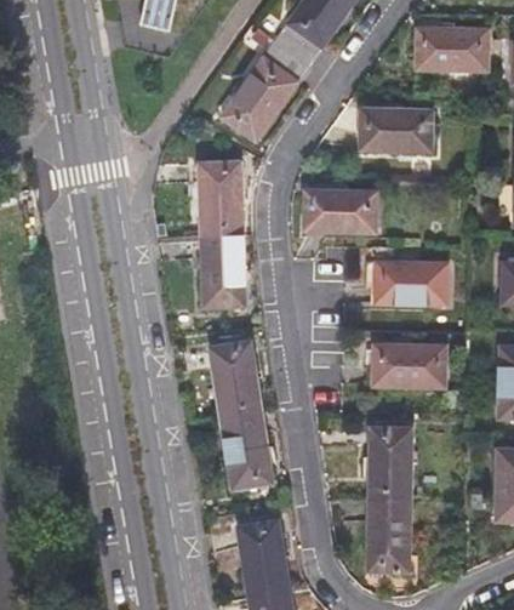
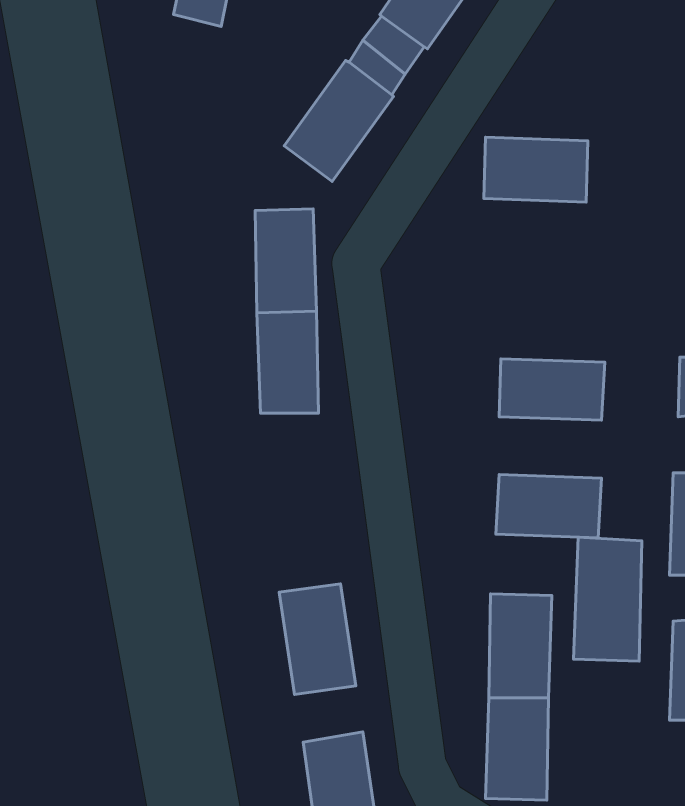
building: [416,24,489,69] -> none
building: [305,192,377,235] -> none
building: [209,354,262,429] -> none
building: none -> [574,537,642,661]

